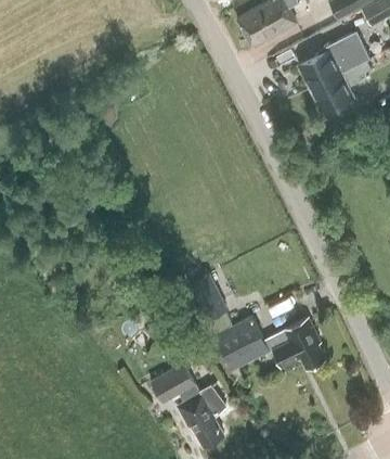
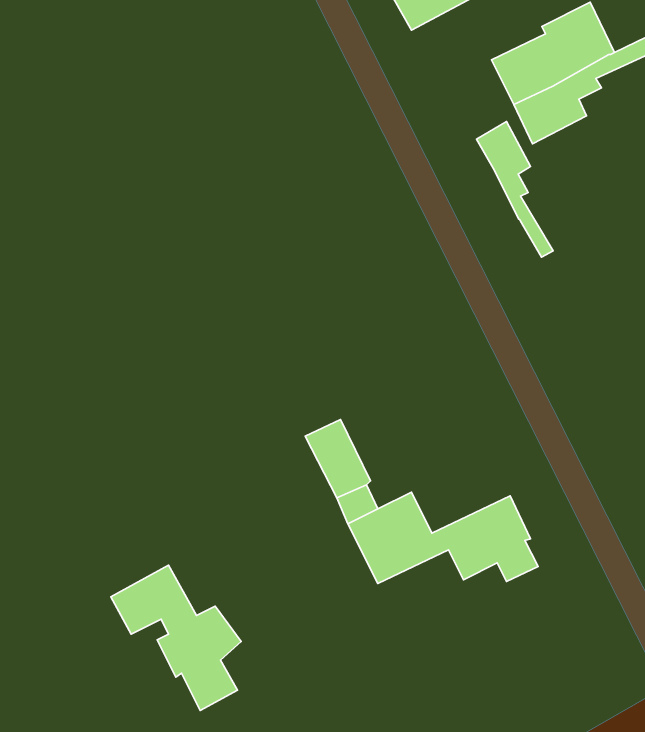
building: none -> [476,122,553,257]
building: [151,362,226,447] -> [111,565,241,711]

